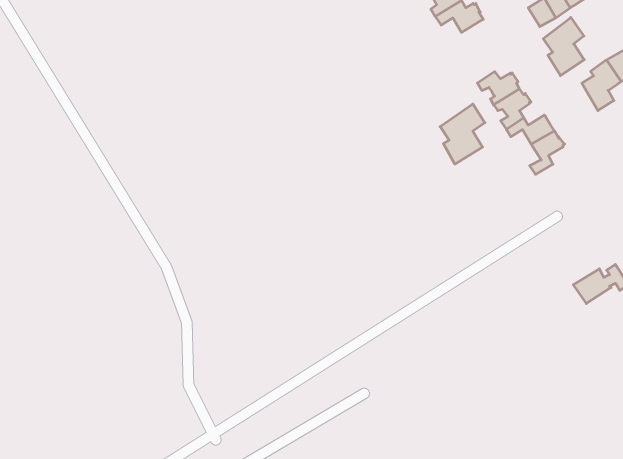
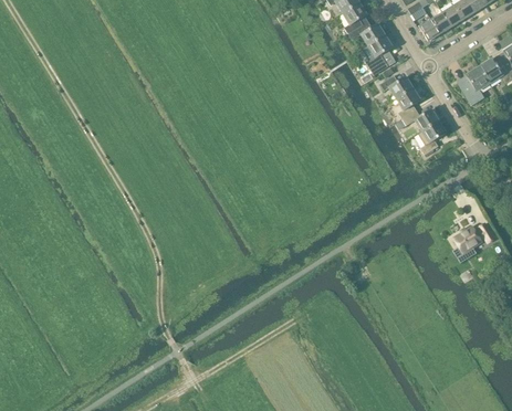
building: [543,17,584,76] -> none
building: none -> [363,35,391,74]
building: [440,104,485,164] -> none

